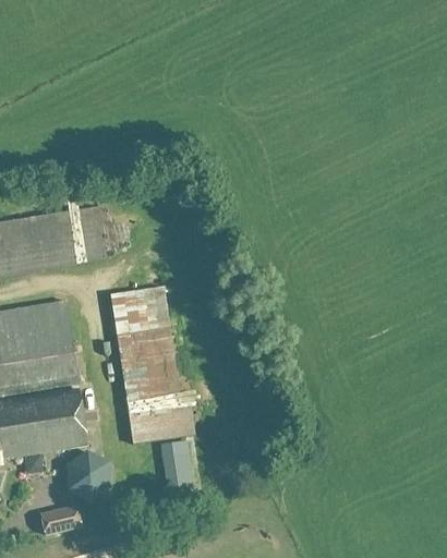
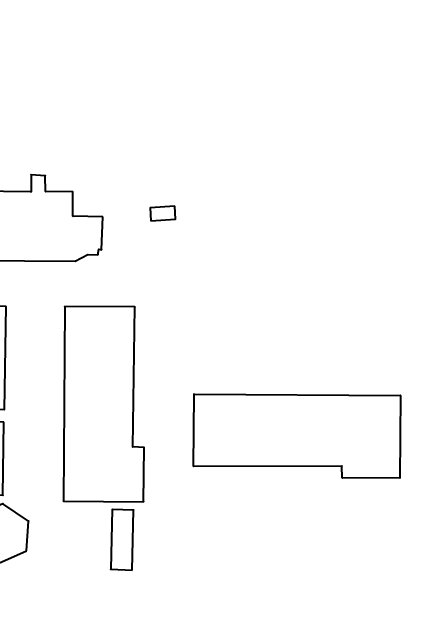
building: none -> [194,394,400,478]

